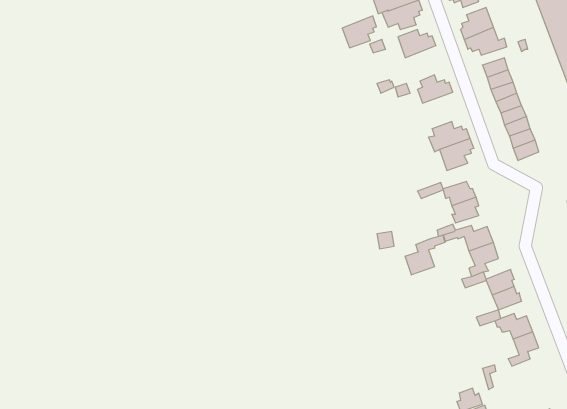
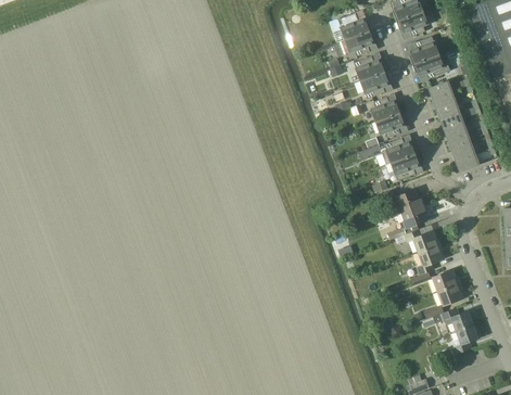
building: [342,16,376,48] -> [360,71,391,99]
building: none -> [375,112,406,138]
building: [405,235,445,275] -> none

